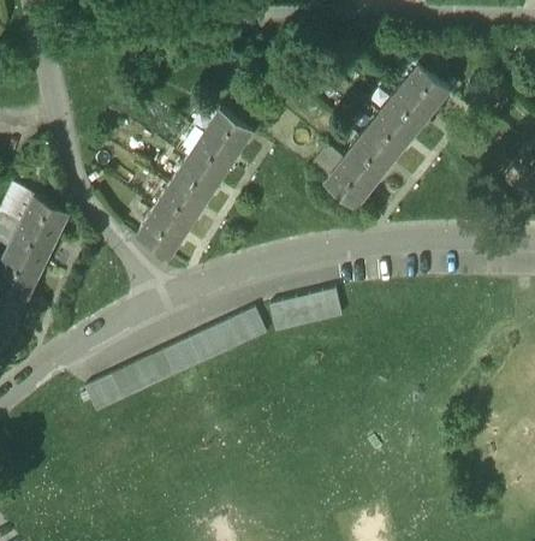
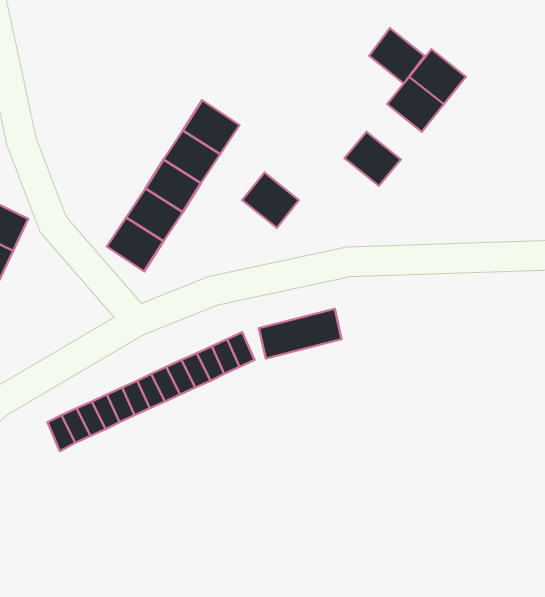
building: [363,111,411,159] -> [369,28,424,84]
building: [325,157,374,206] -> [242,172,299,228]

